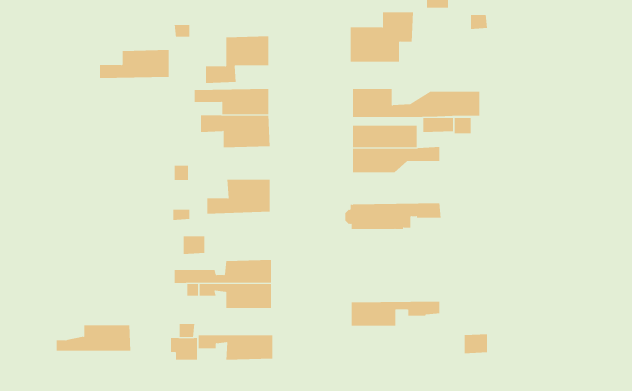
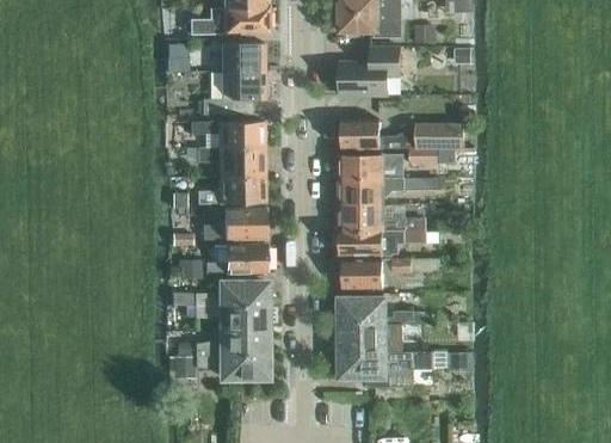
building: none -> [221,42,263,72]
building: [99,50,169,78] -> [197,176,264,203]
building: none -> [341,208,425,230]
building: none -> [205,244,265,273]
building: none -> [341,258,438,288]
building: none -> [340,300,425,324]
building: [56,325,131,351] -> [195,330,266,355]
building: none -> [339,349,431,386]

